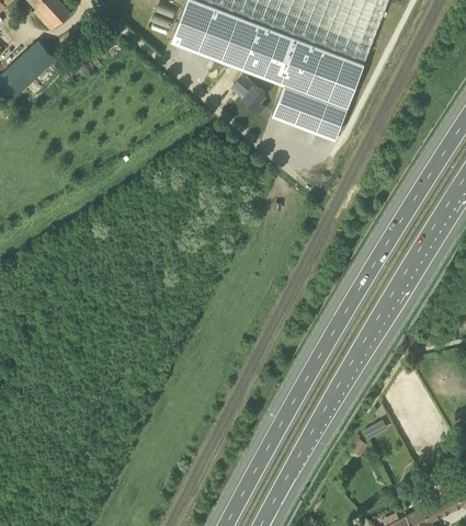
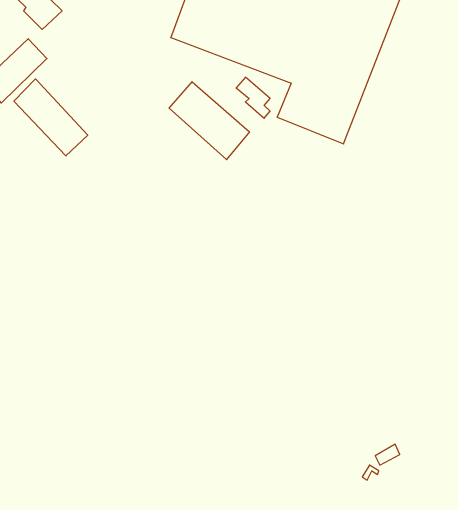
building: none -> [14,79,88,156]
building: none -> [169,82,249,160]

